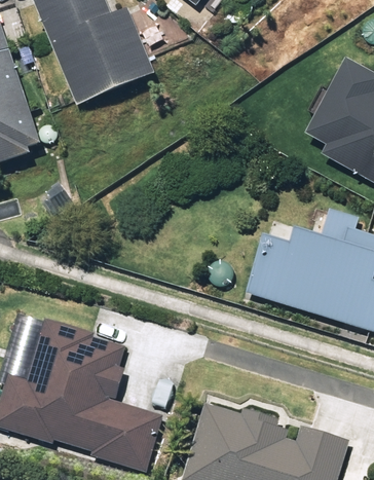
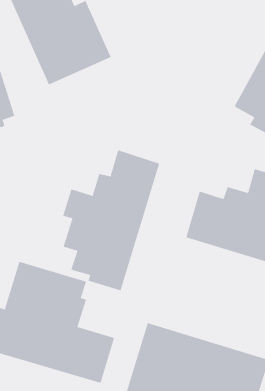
building: none -> [62,150,160,291]

